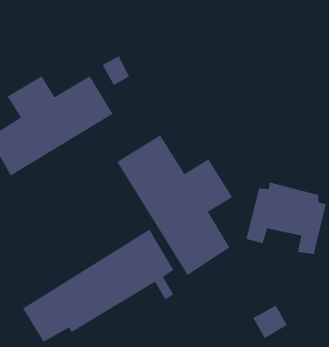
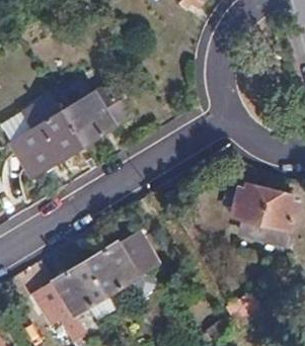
building: [116,134,233,276] -> none

